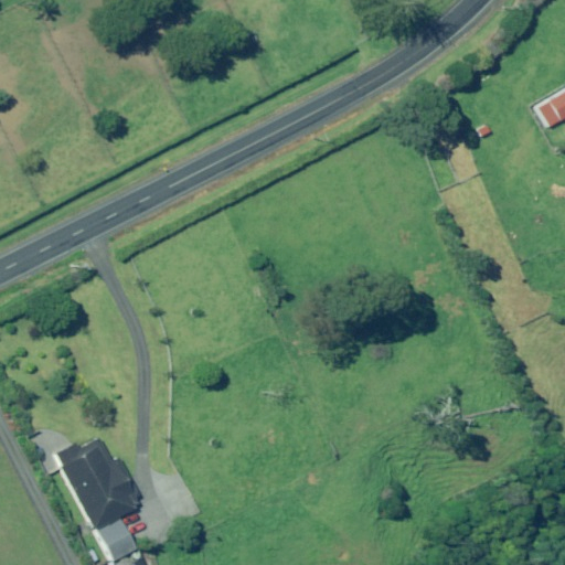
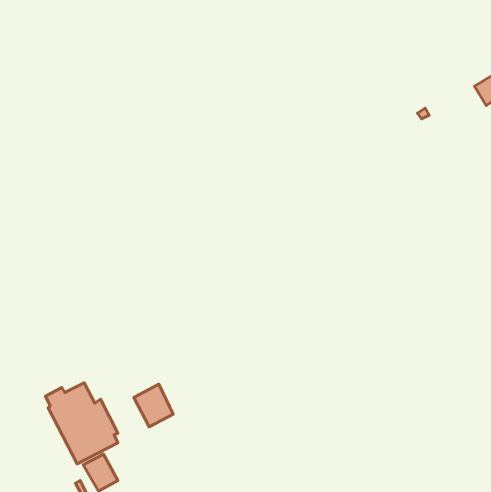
building: none -> [134,384,173,427]

